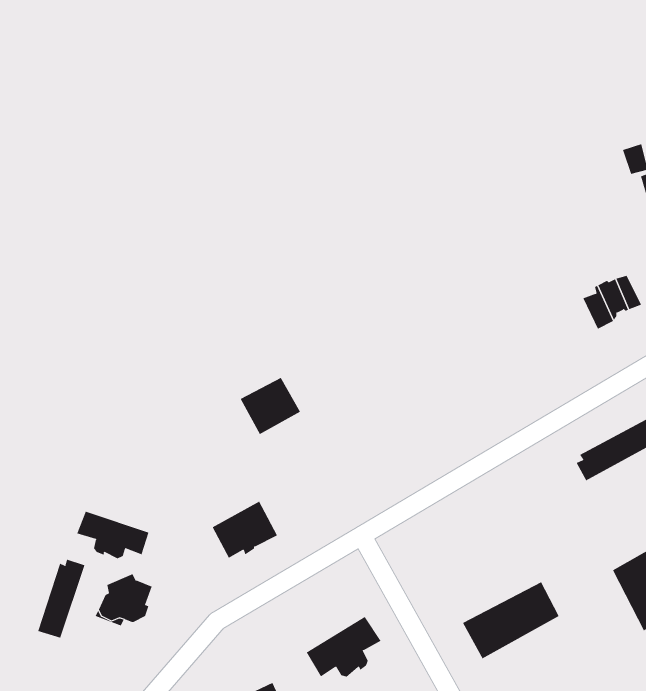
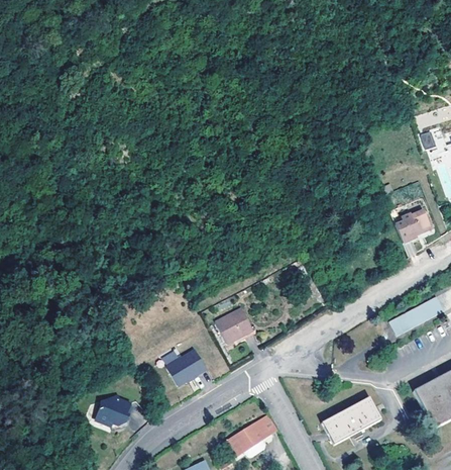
building: [240,377,301,435] -> [216,306,253,342]
building: [76,511,149,559] -> none
building: [37,559,85,638] -> none

